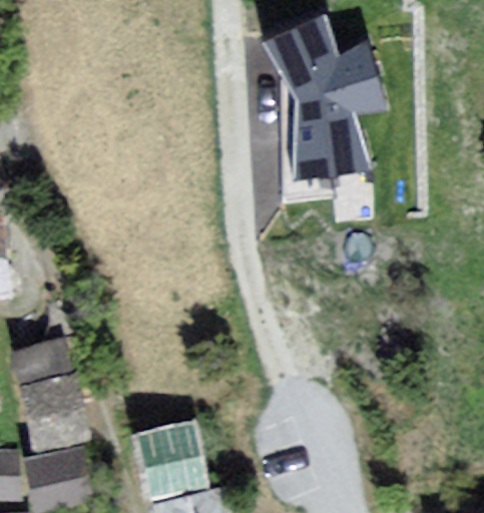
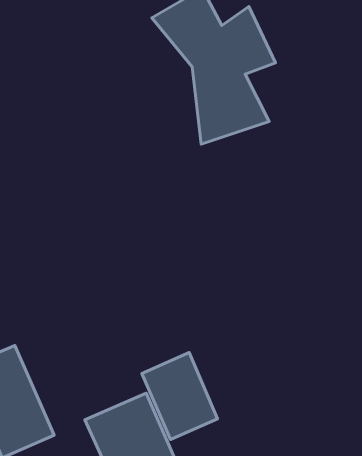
building: none -> [142,352,217,439]

